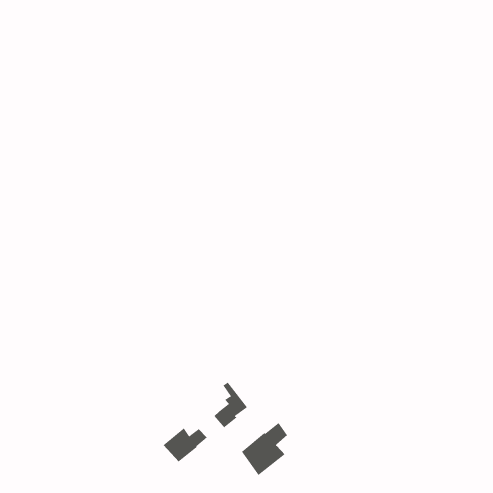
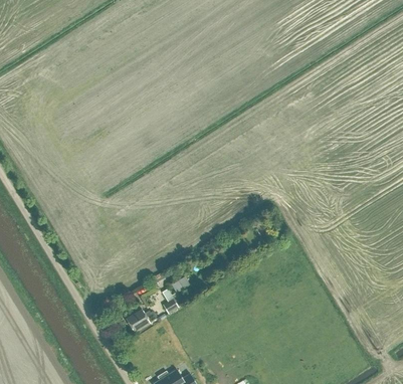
building: [241,422,288,476] -> none

